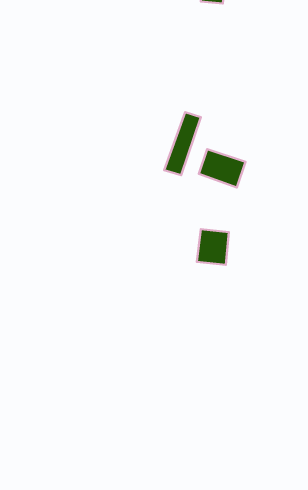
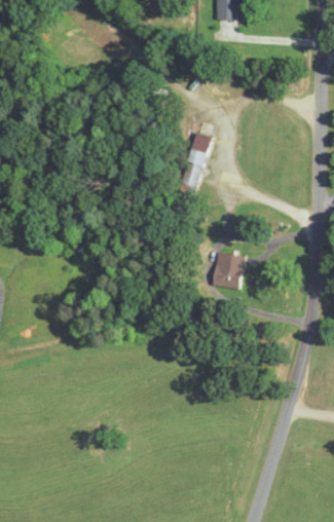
building: [199,149,246,187] -> none

